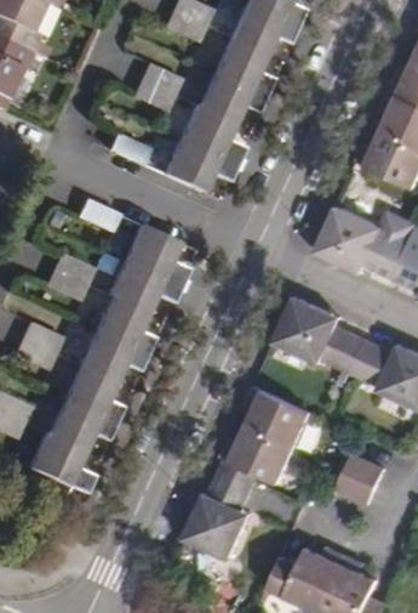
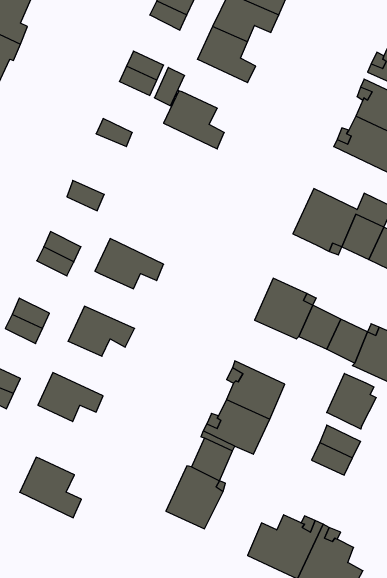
building: [200,70,268,121] -> none
building: [164,137,236,191] -> none
building: [125,223,189,284] -> none
building: [98,294,159,351] -> none
building: [65,364,126,421] -> none
building: none -> [327,373,376,429]
building: [29,430,93,493] -> [20,457,81,518]

